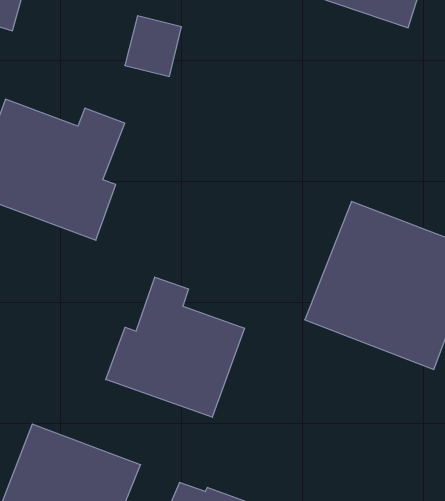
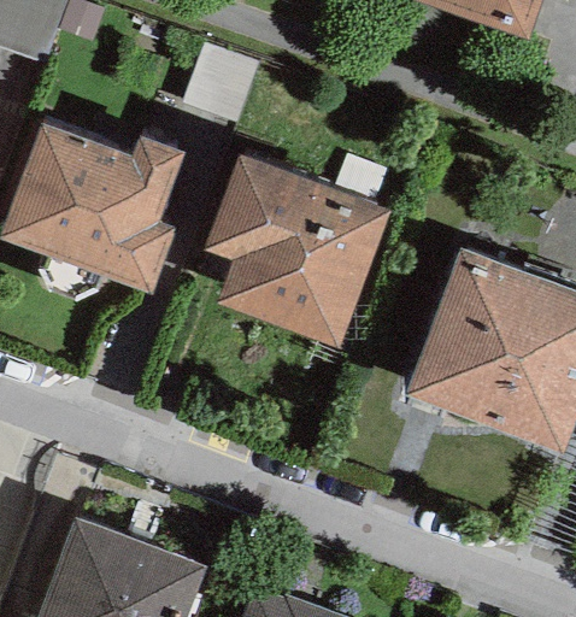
building: none -> [204,157,389,348]
building: [106,277,244,417] -> none

